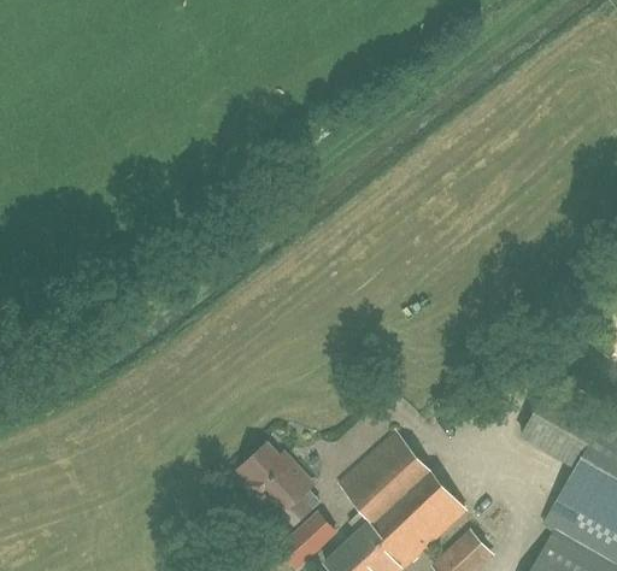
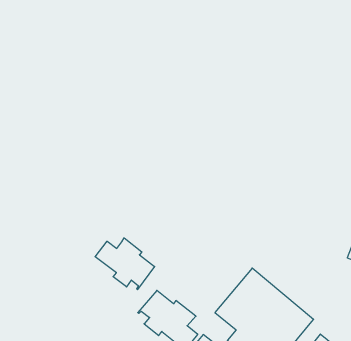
building: none -> [95,238,155,290]

